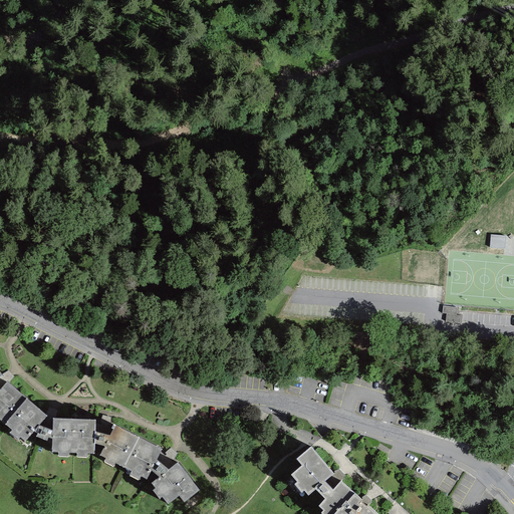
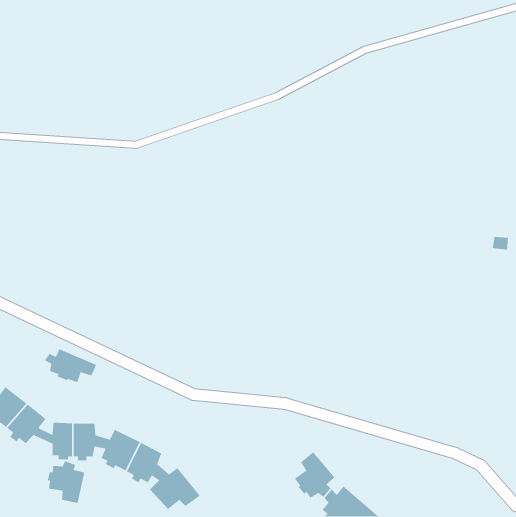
building: none -> [44,348,97,383]
building: none -> [47,460,85,504]

